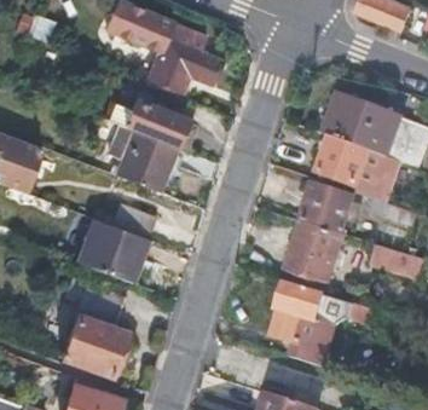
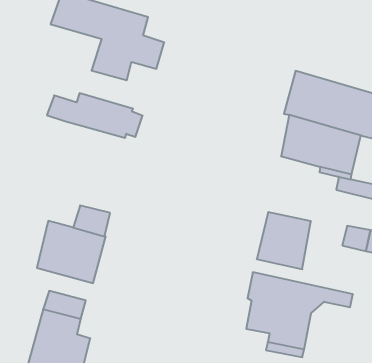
building: [109,126,175,191] -> none
building: [305,190,354,237] -> none

